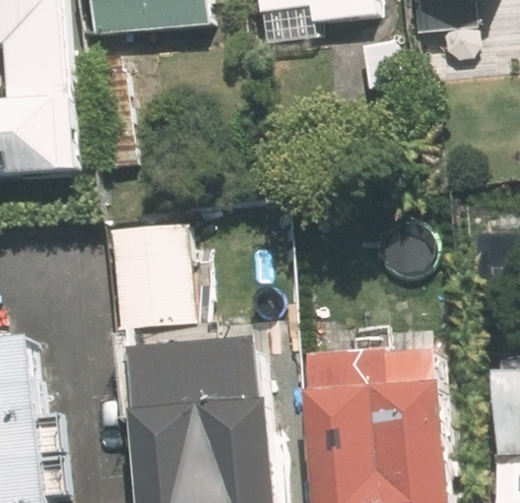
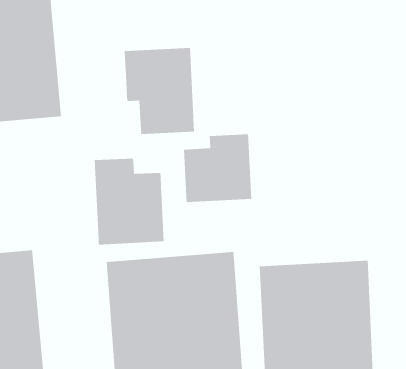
building: none -> [124,47,195,135]
building: none -> [183,133,252,203]

